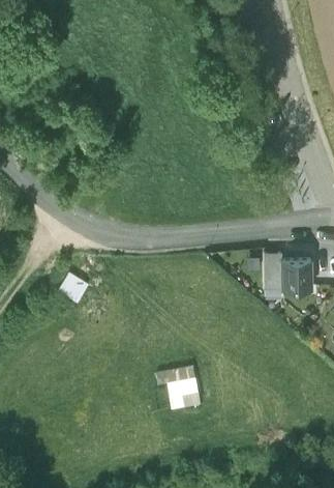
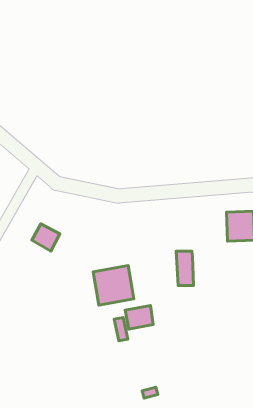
building: [263,254,282,293] -> [176,251,193,286]
building: none -> [93,266,134,305]

